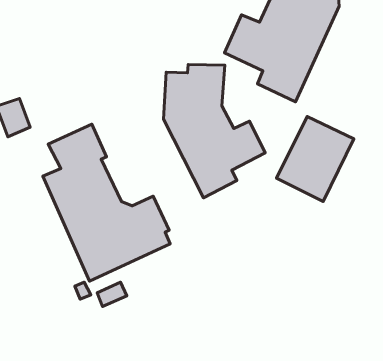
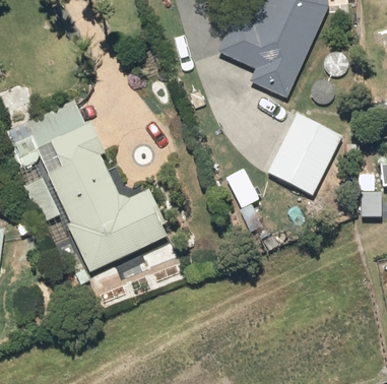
building: [163,65,265,198] -> none

